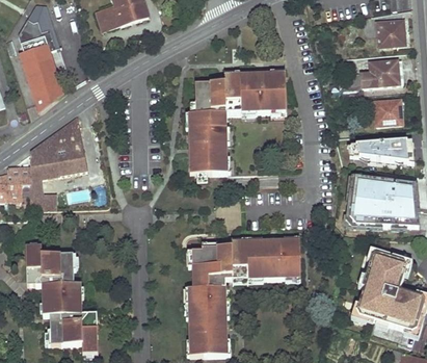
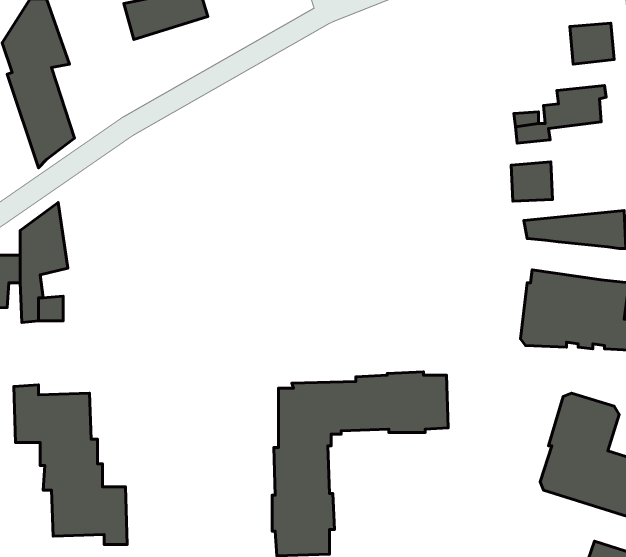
building: [188,72,285,173] -> none
building: [375,98,401,123] -> [511,162,552,201]
building: [53,113,86,174] -> none

